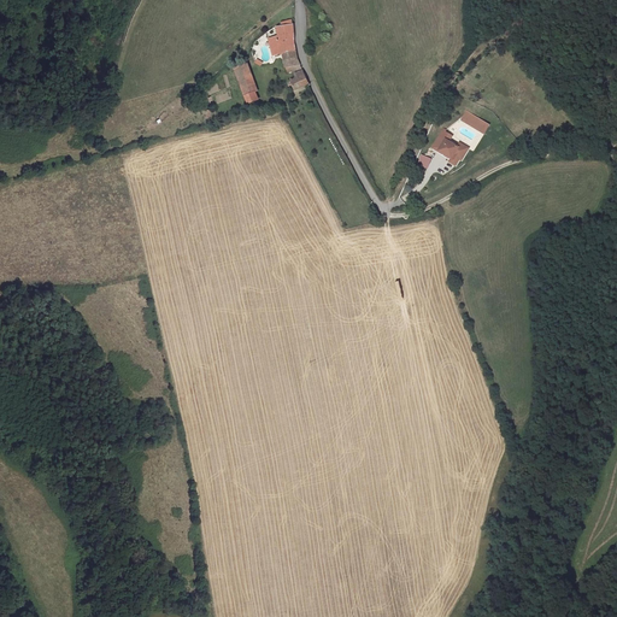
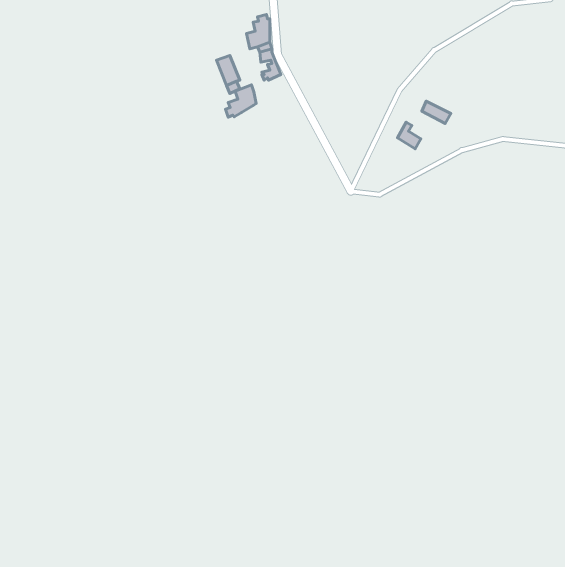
building: none -> [225,85,256,117]

